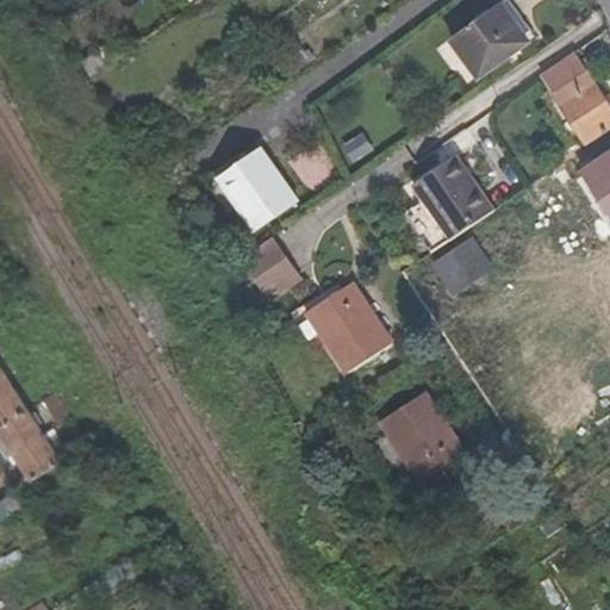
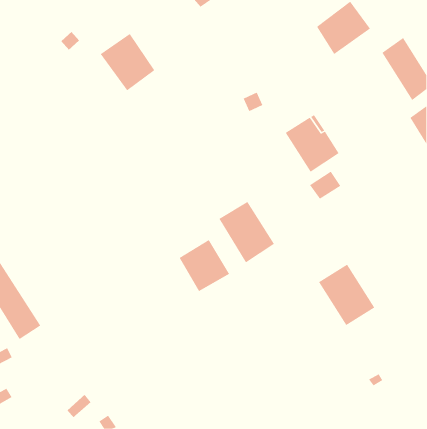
building: [219,147,298,229] -> [100,33,155,91]
building: [245,231,307,297] -> none
building: none -> [179,239,230,292]
building: [380,394,461,483] -> [318,264,375,326]

